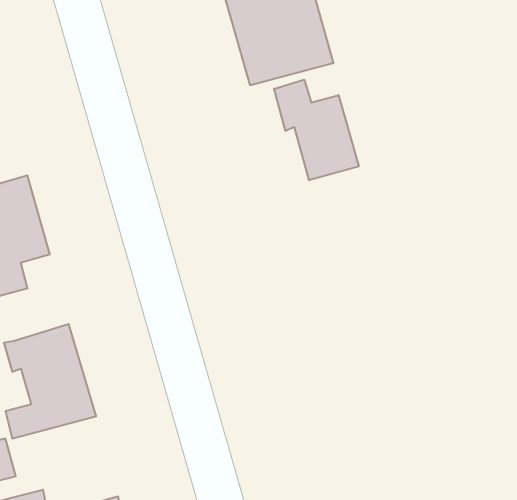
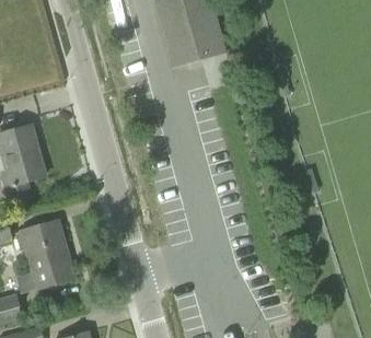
building: [274,80,359,180] -> none

